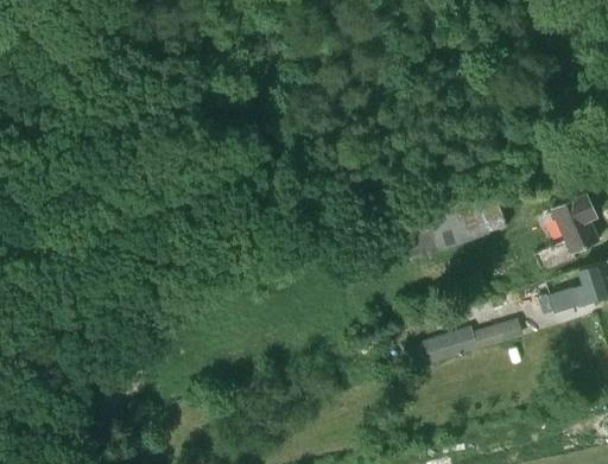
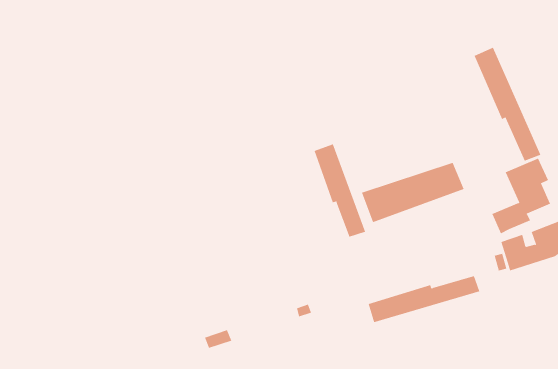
building: none -> [474,47,541,162]
building: none -> [314,143,366,238]

